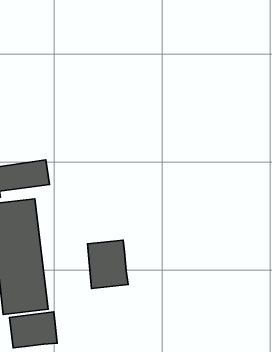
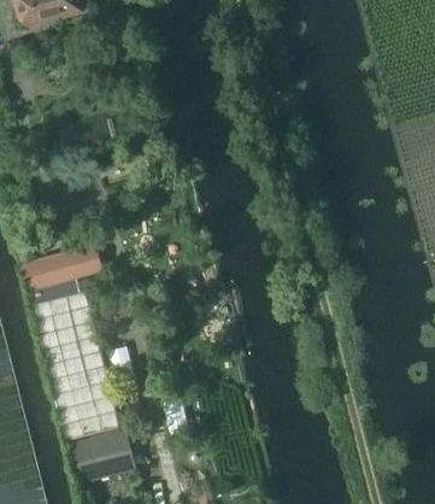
building: [87,240,128,289] -> none

